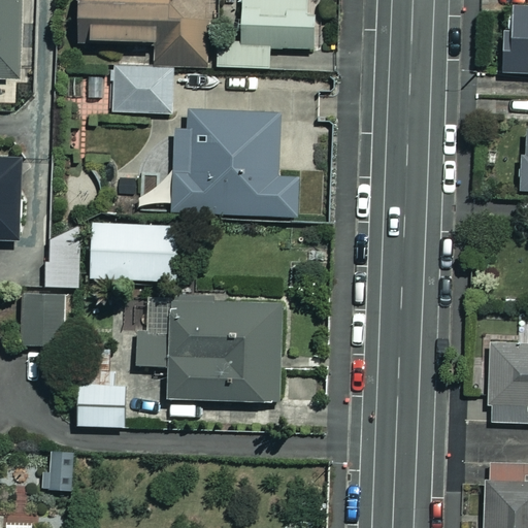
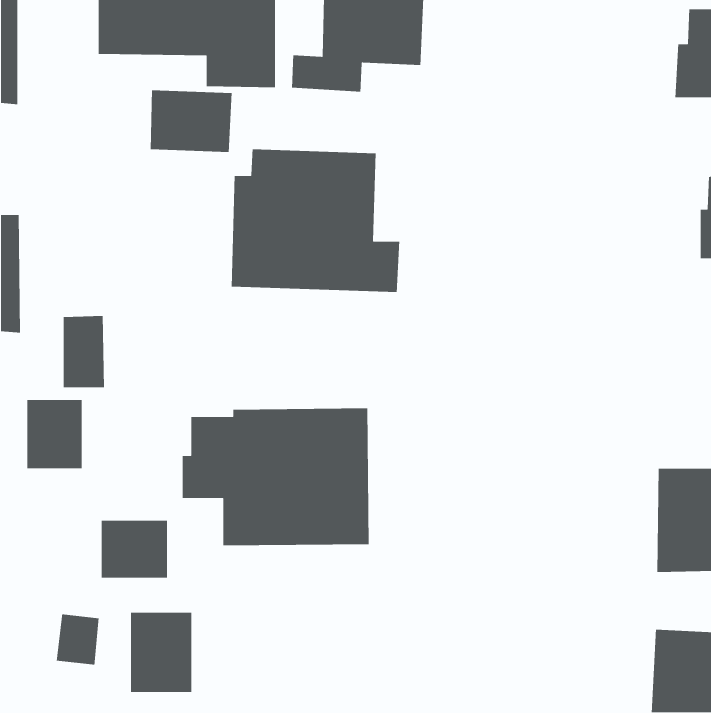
building: [91,223,176,278] -> none
building: none -> [130,612,192,693]

